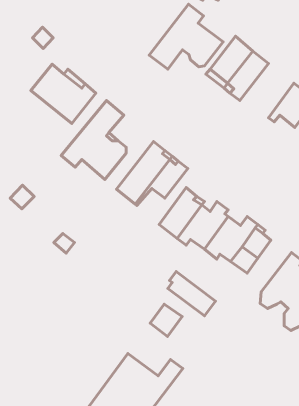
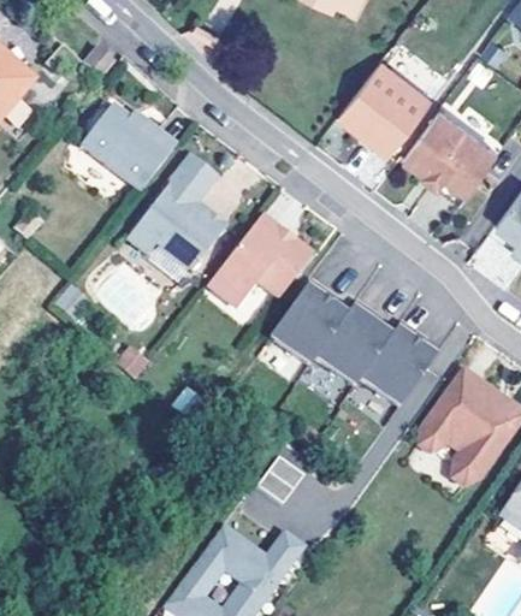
building: [149,4,223,69] -> none
building: none -> [405,109,467,179]
building: [168,271,216,316] -> none

